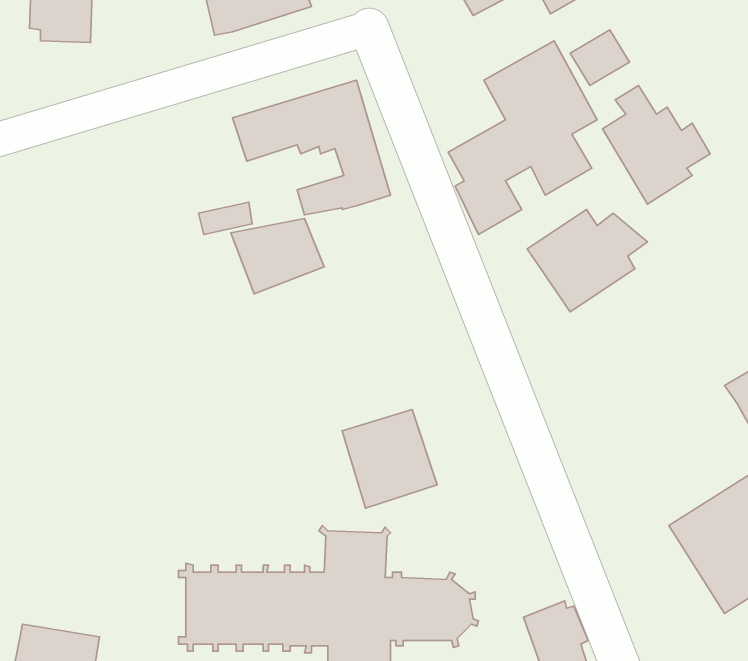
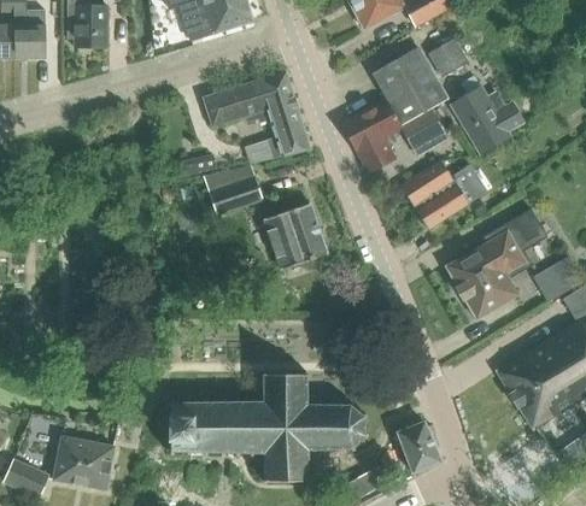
building: none -> [447,208,540,319]
building: [342,409,437,508] -> [264,204,328,270]

